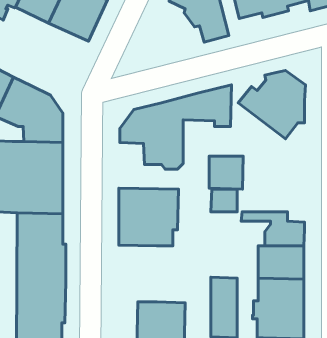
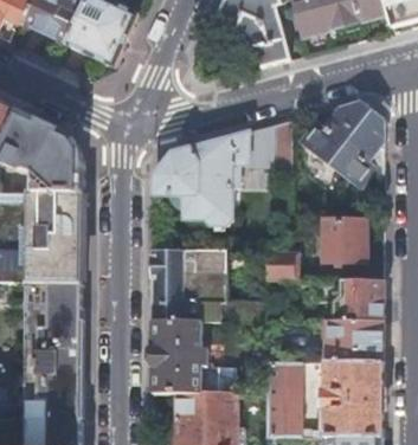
building: [209,156,243,189] -> [322,220,365,262]
building: none -> [150,320,205,391]

